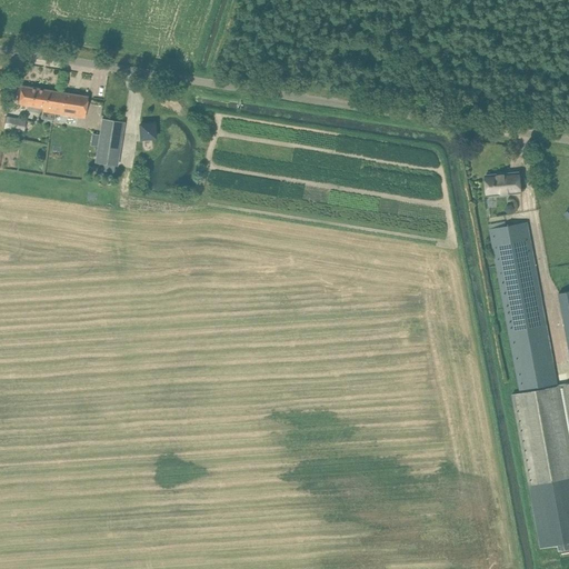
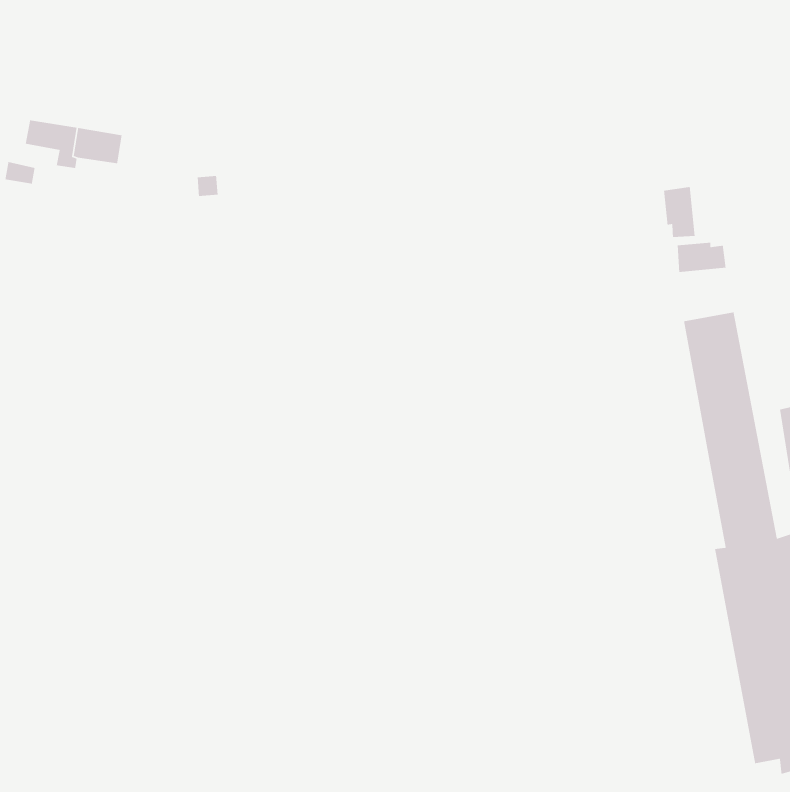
building: [97,119,124,166] -> none
building: none -> [663,186,695,238]

